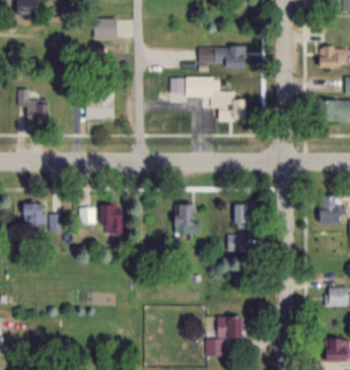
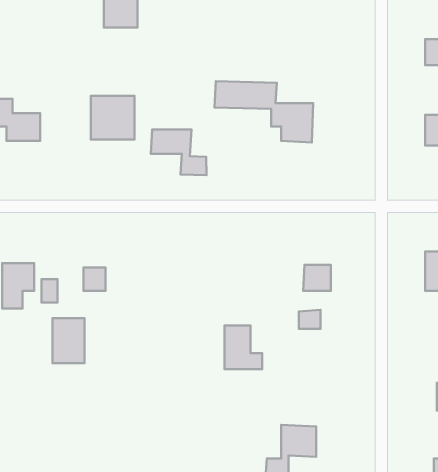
building: [198,48,244,67] -> none
building: none -> [151,130,207,175]
building: [100,204,123,236] -> [52,318,84,363]
building: [173,204,200,235] -> [224,325,262,369]

